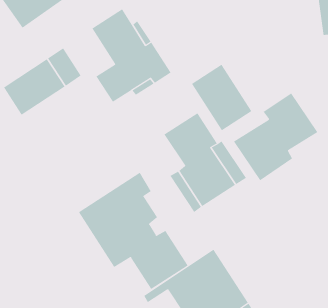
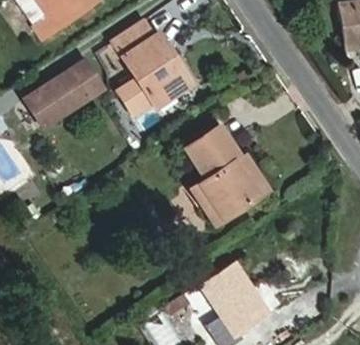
building: [191,64,252,131] -> none
building: [233,92,318,181] -> none
building: [78,172,189,290] -> none

